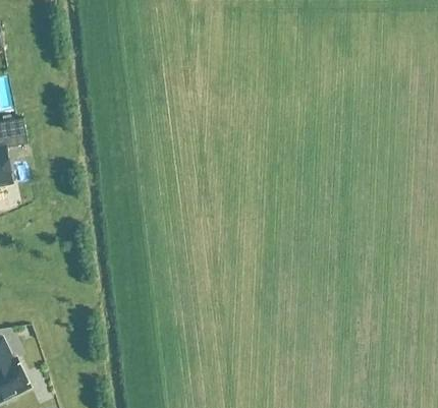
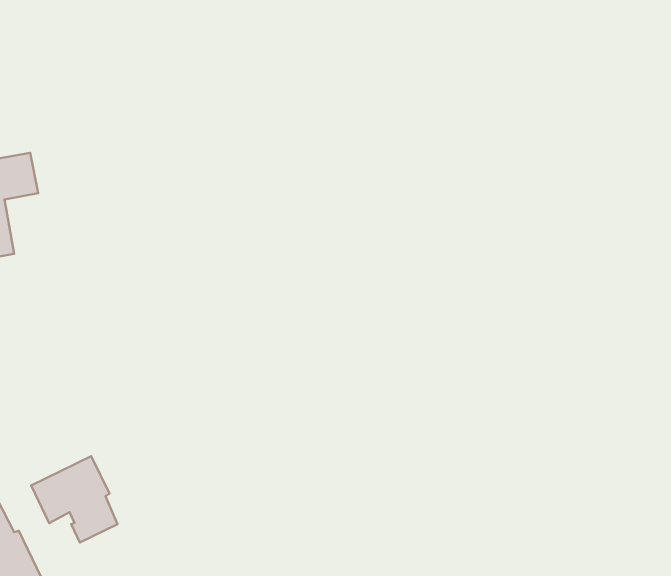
building: none -> [31,456,118,542]

